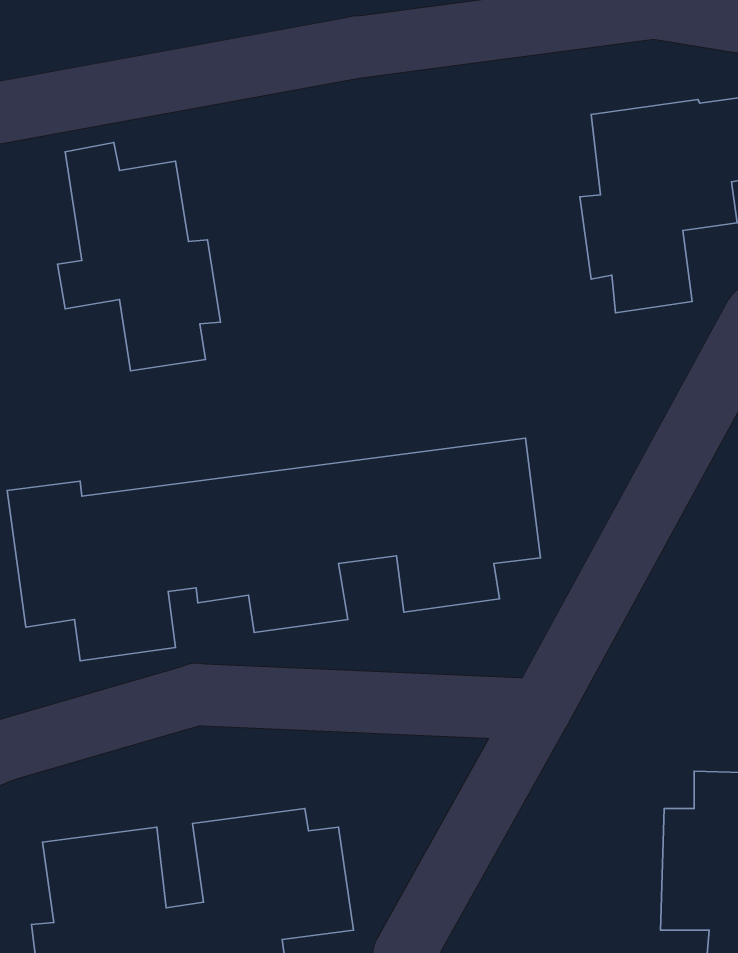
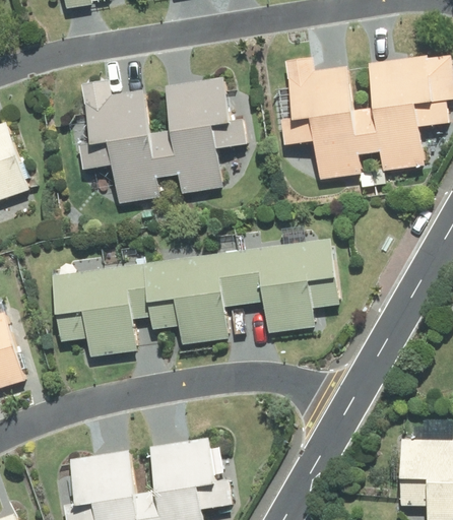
building: none -> [279,54,367,178]
building: none -> [158,76,245,193]

